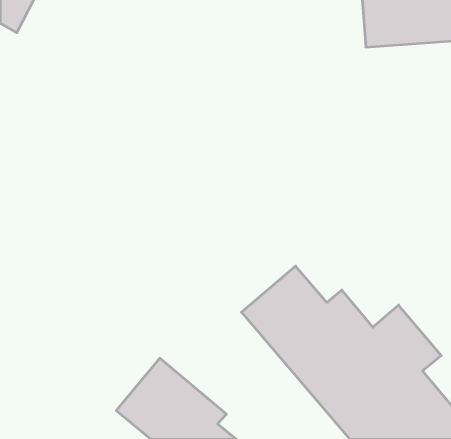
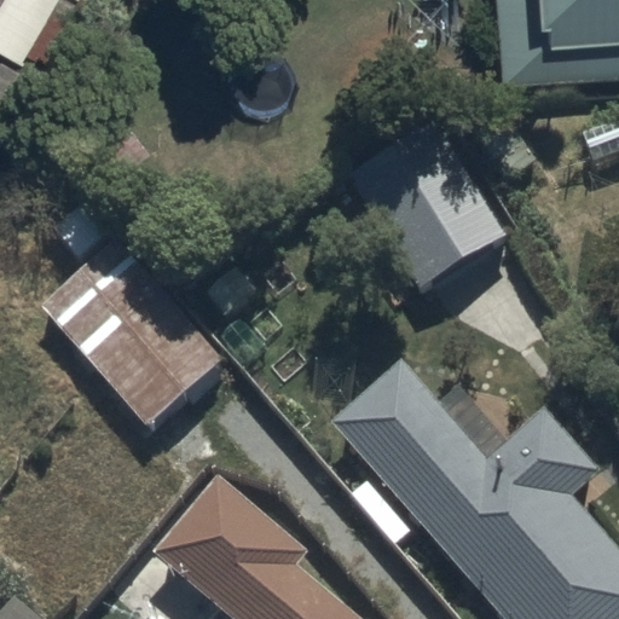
building: none -> [353,125,509,296]
building: none -> [46,243,230,433]

